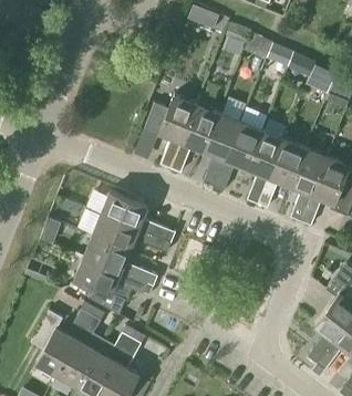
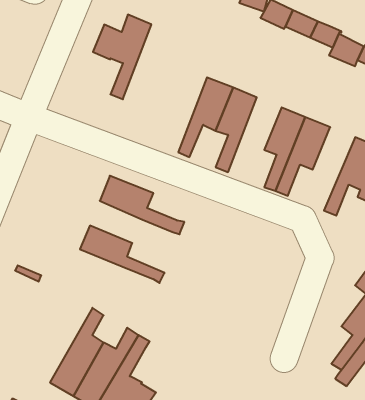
building: [144,94,196,169] -> [93,15,151,99]
building: [215,121,262,190] -> none
building: [290,147,328,221] -> none
building: [92,212,172,252] -> none
building: [74,256,148,315] -> none
building: [30,302,94,374] -> none

